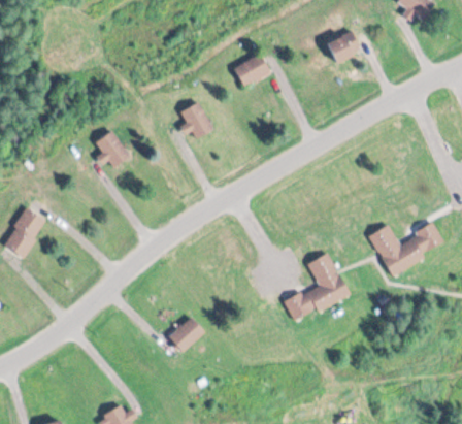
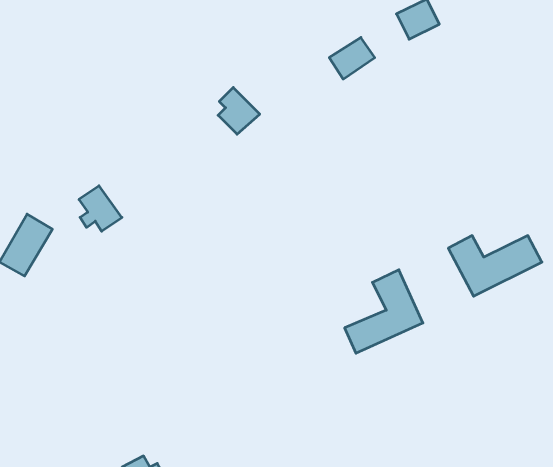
building: [234,54,271,88] -> [329,37,375,79]
building: [96,131,131,168] -> [79,186,122,231]
building: [169,316,205,352] -> none

